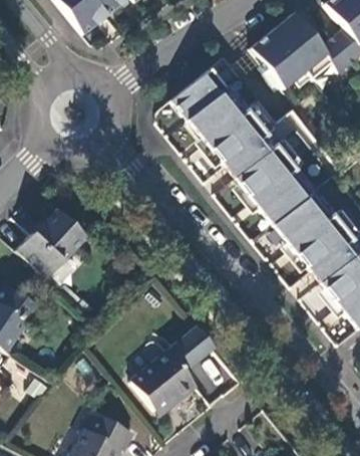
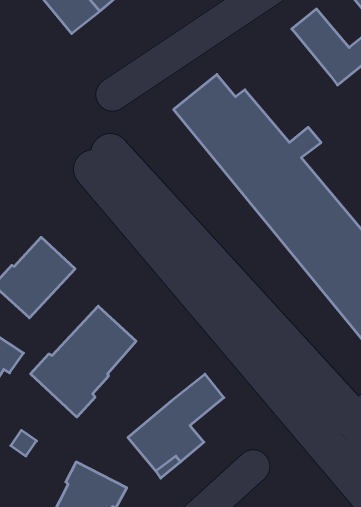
building: [252,30,307,88] -> none
building: none -> [31,306,136,417]

